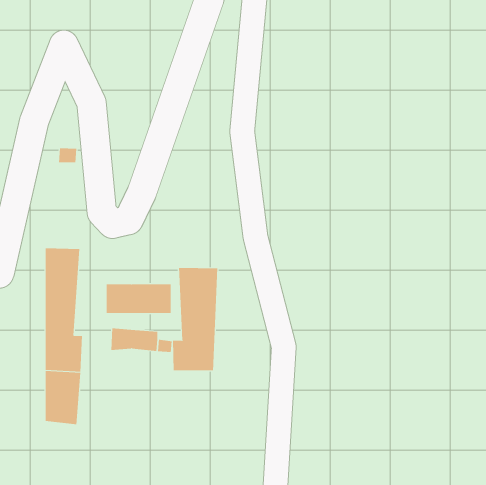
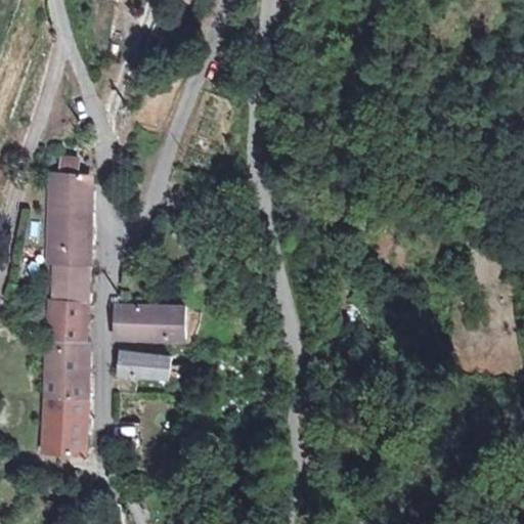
building: none -> [48,177,91,267]
building: [172,267,218,371] -> none

